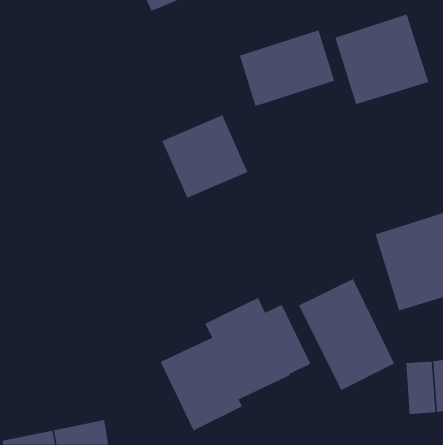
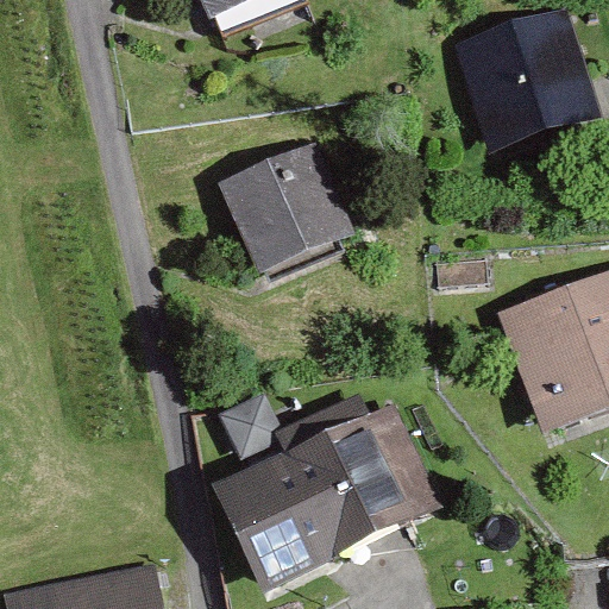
building: [239,29,335,107] -> none
building: [298,278,395,391] -> none

